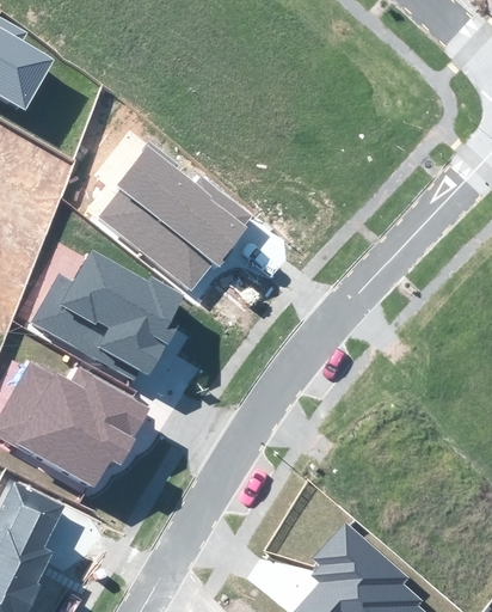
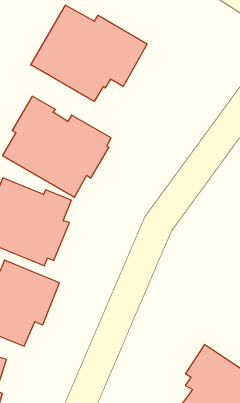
building: none -> [31,5,147,101]

